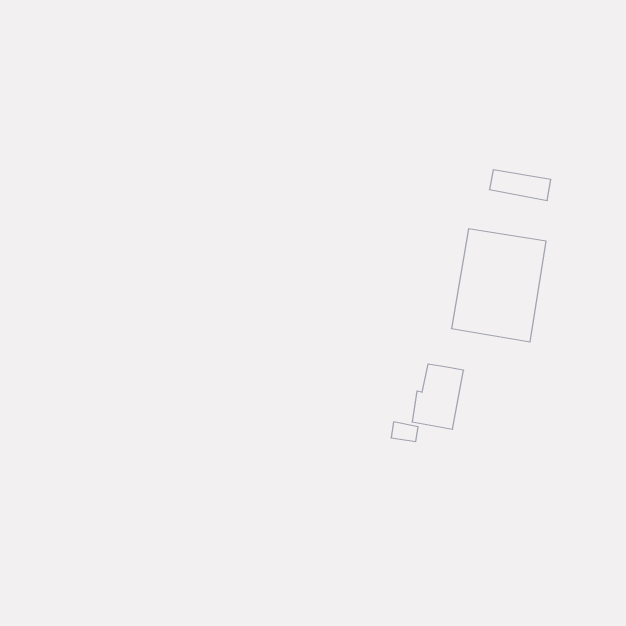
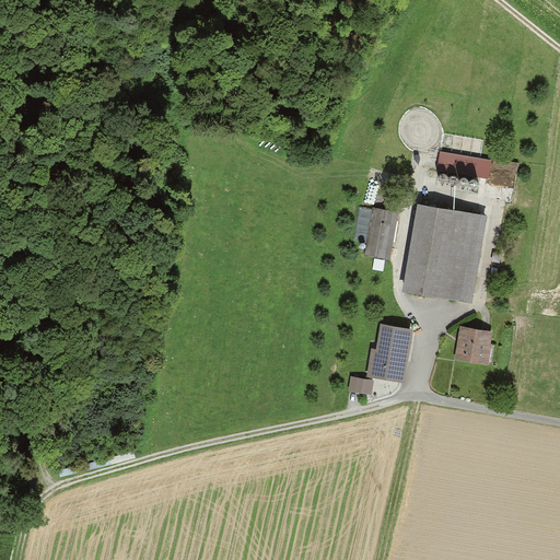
building: none -> [363,205,398,258]
building: none -> [452,325,490,364]

